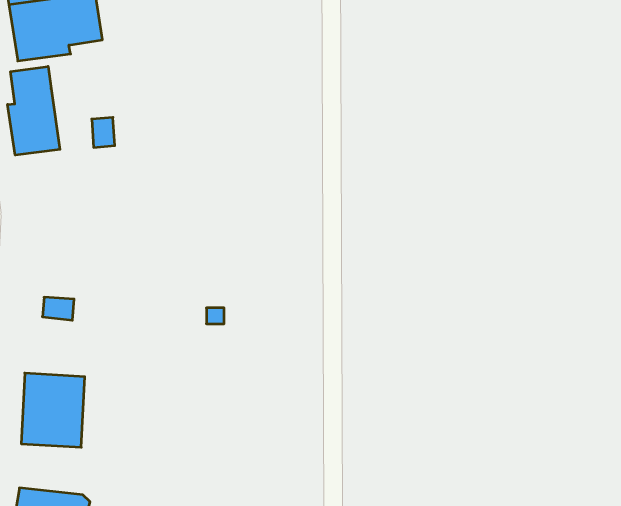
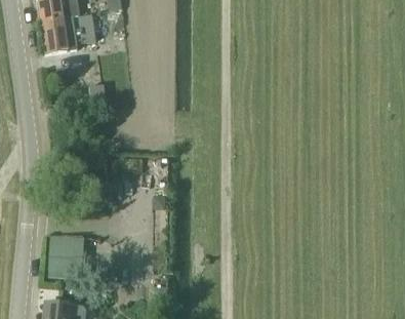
building: [8,66,60,155] -> none

